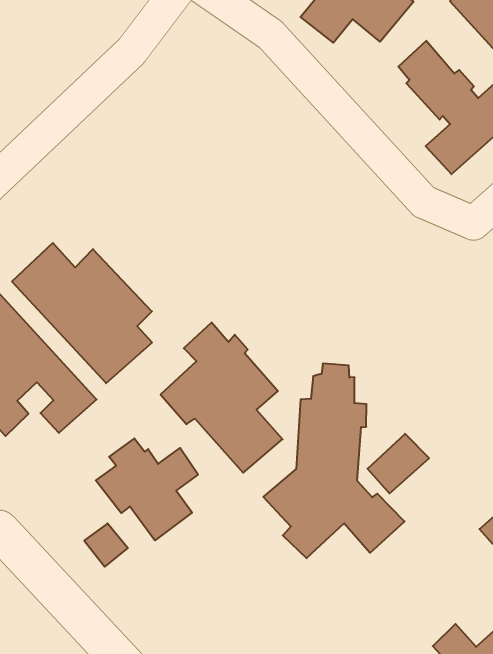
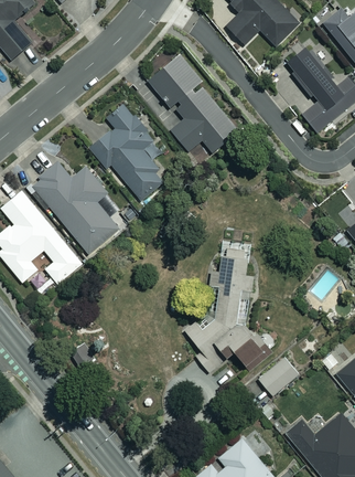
building: none -> [147,53,237,152]
building: [161,322,283,473] -> [90,103,166,200]
building: [367,434,429,493] -> [259,358,299,395]
building: [96,438,198,540] -> none

